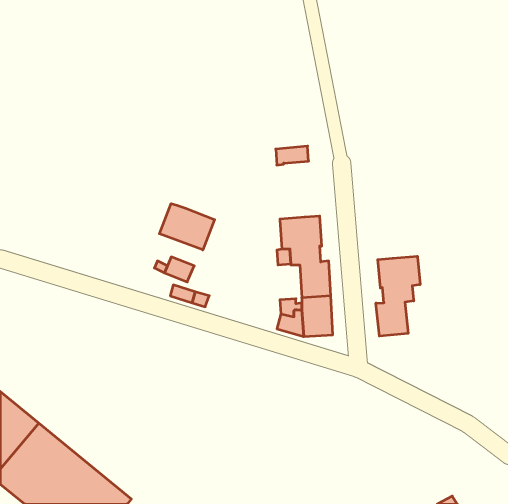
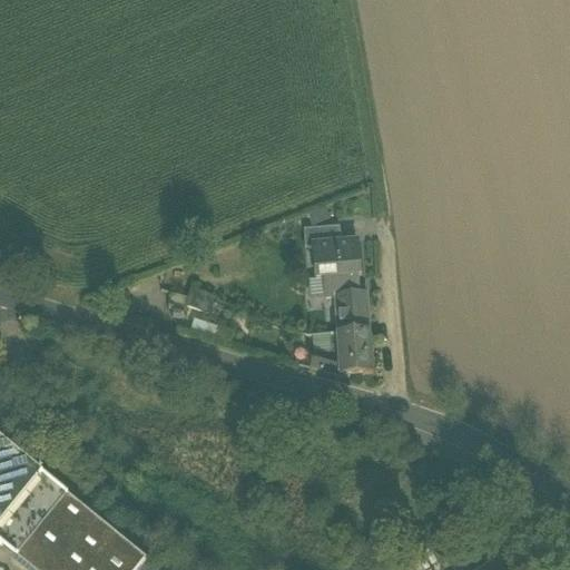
building: [276,146,309,165] -> [305,226,342,247]
building: [159,204,215,250] -> none
building: [376,256,420,336] -> none

